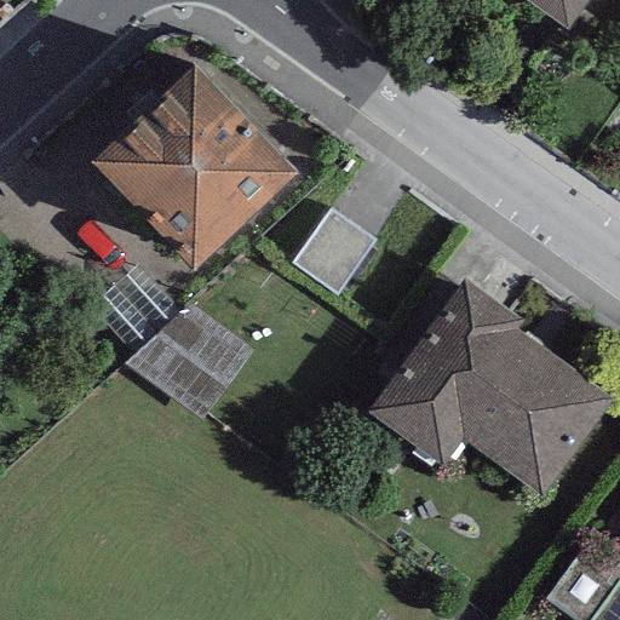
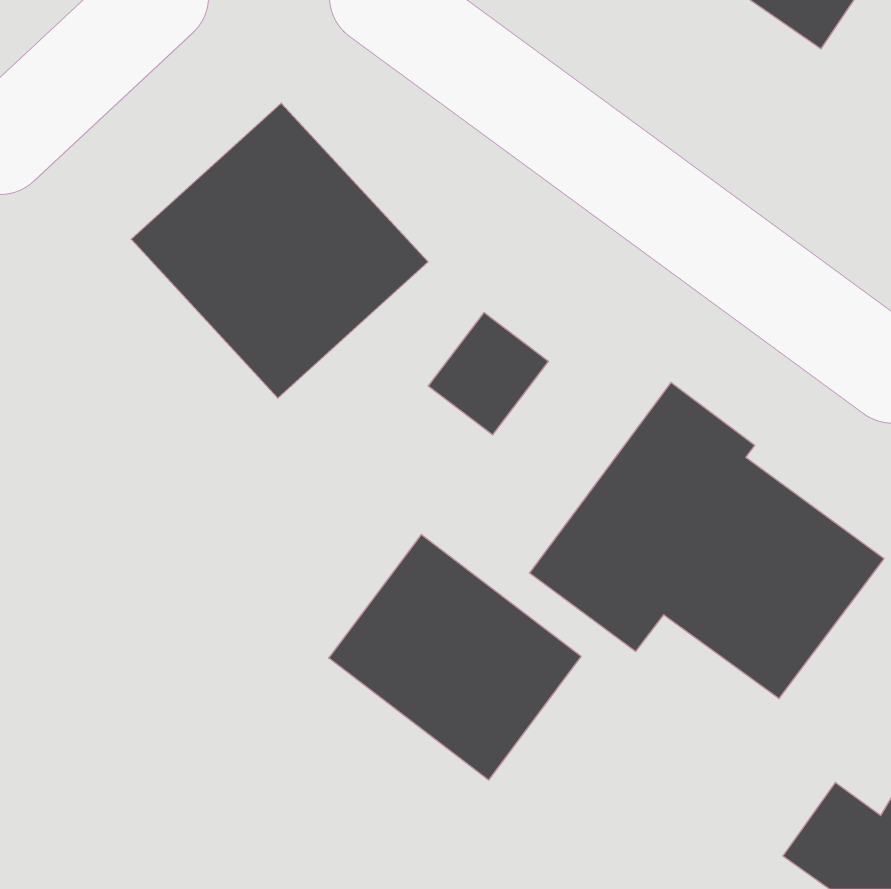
building: [137,306,248,414] -> none
building: none -> [329,534,581,780]

